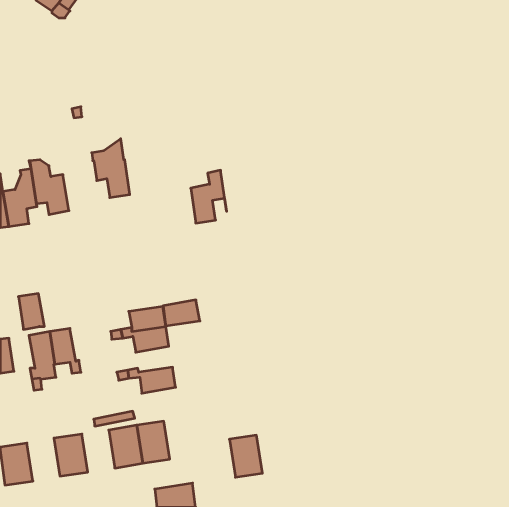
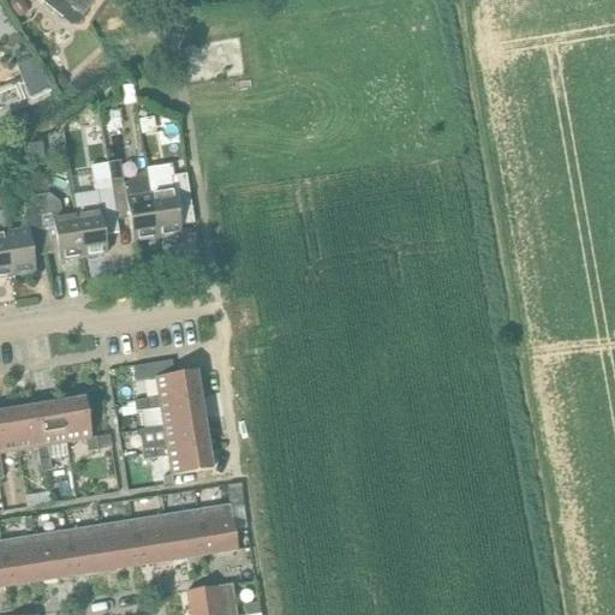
building: none -> [17,55,52,96]
building: none -> [74,175,120,253]
building: [191,170,227,223] -> [151,171,195,234]
building: [18,294,44,329] -> [12,404,43,447]
building: [163,300,200,326] -> [165,417,209,448]
building: none -> [100,518,139,568]
building: [229,435,262,477] -> [198,502,238,553]
building: none -> [34,527,73,579]

